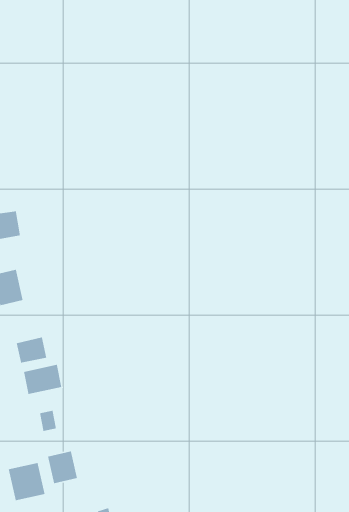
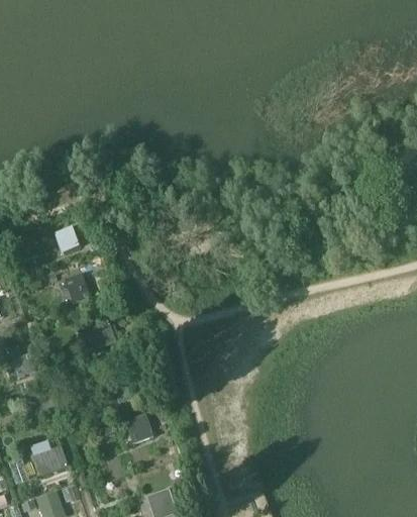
building: [23,364,62,395] -> none
building: [8,462,45,501] -> none

